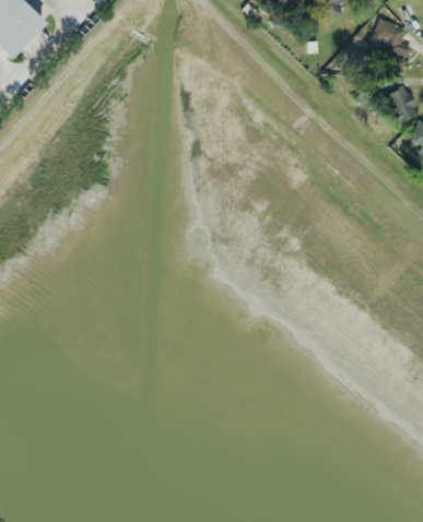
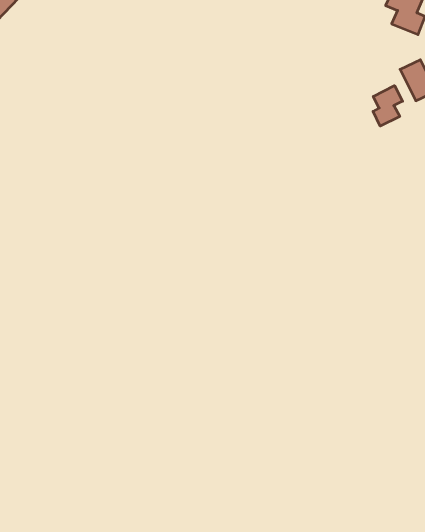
building: none -> [373,86,403,126]

